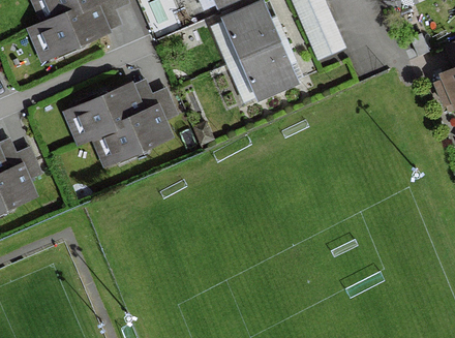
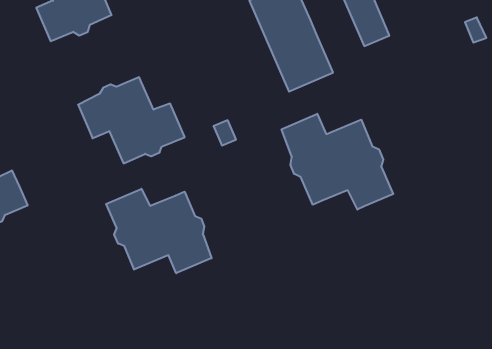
building: none -> [282,114,393,210]
building: none -> [106,189,212,273]

